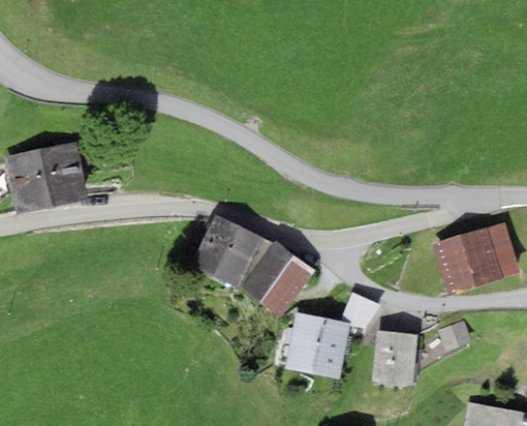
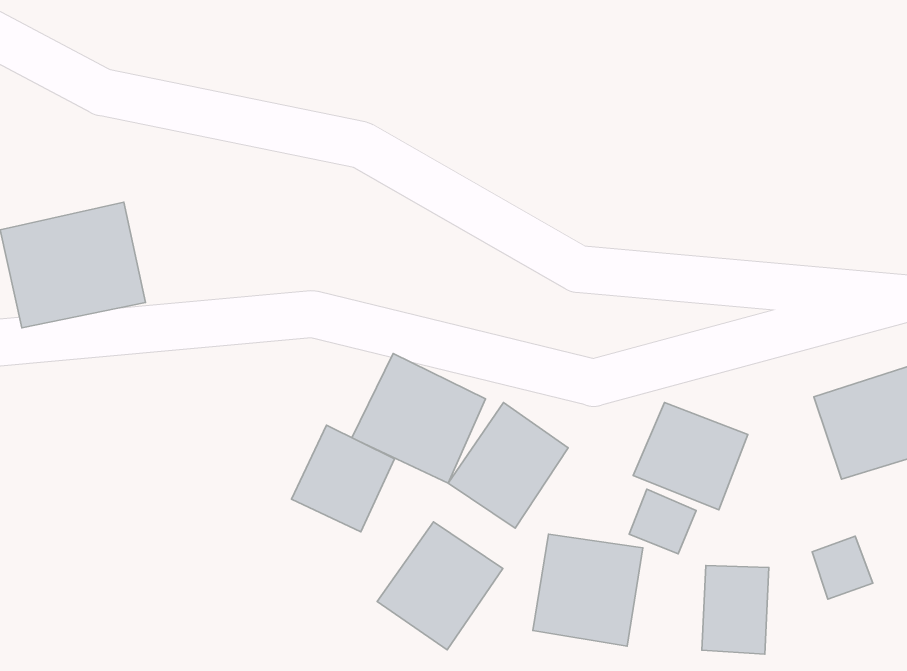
building: none -> [633,403,748,510]
building: none -> [291,425,394,532]
building: none -> [377,522,503,650]

